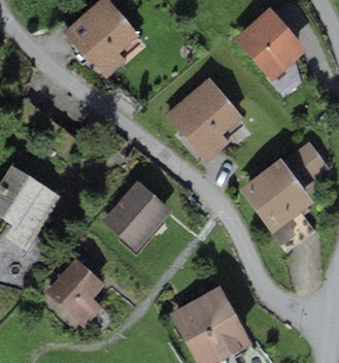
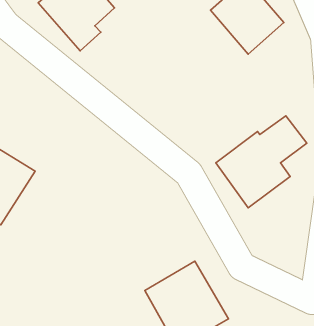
building: [166,77,243,160] -> none
building: [102,183,171,252] -> none
building: [45,258,105,328] -> none

